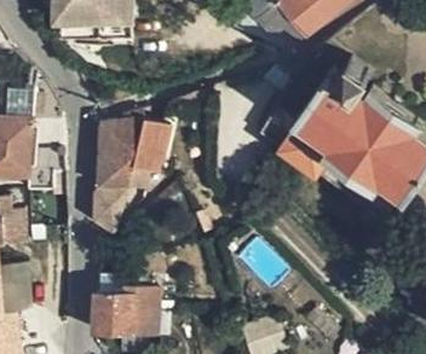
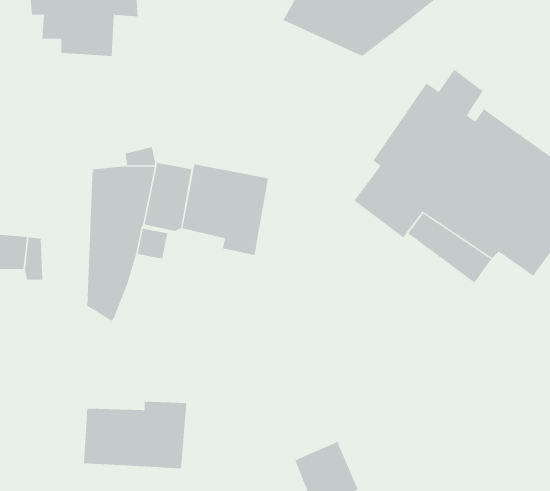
building: none -> [182,163,269,256]

